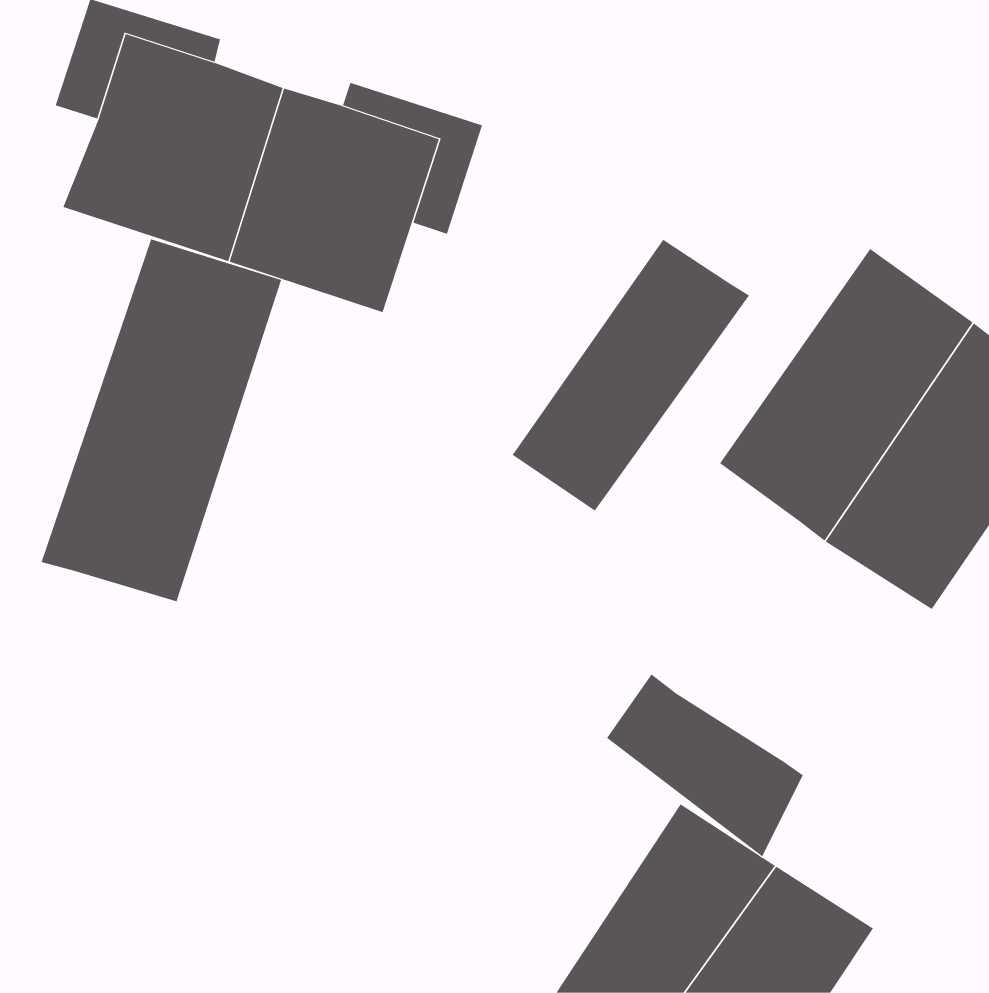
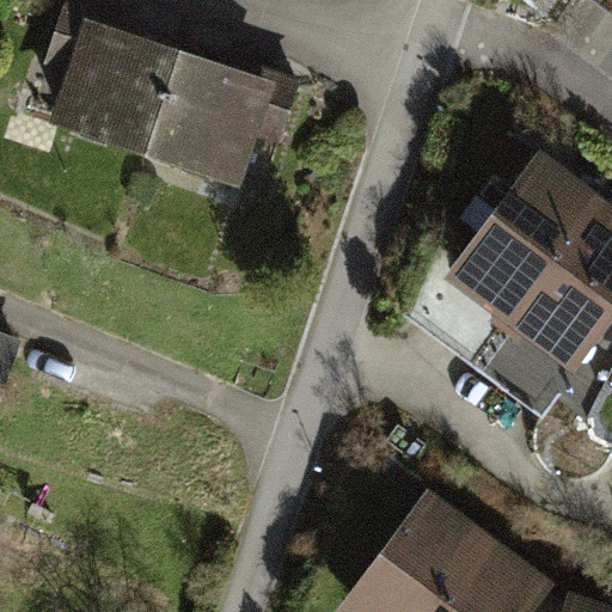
building: [41,239,282,602] -> none
building: [512,239,750,511] -> none
building: [606,673,804,857] -> [467,319,588,432]

